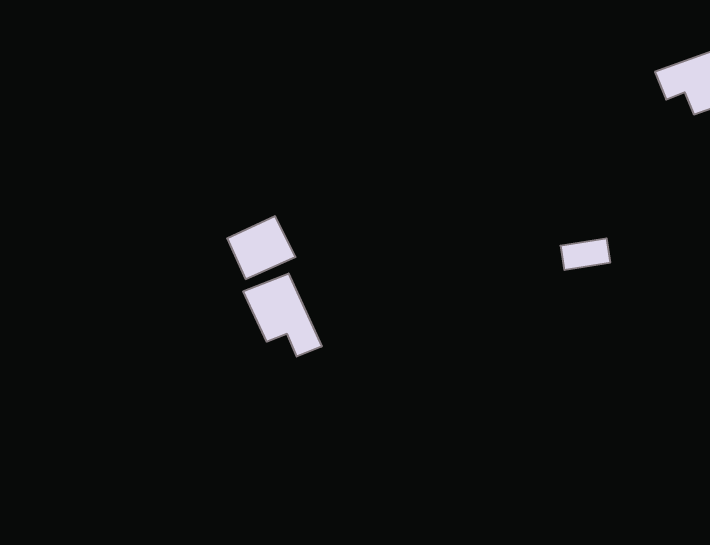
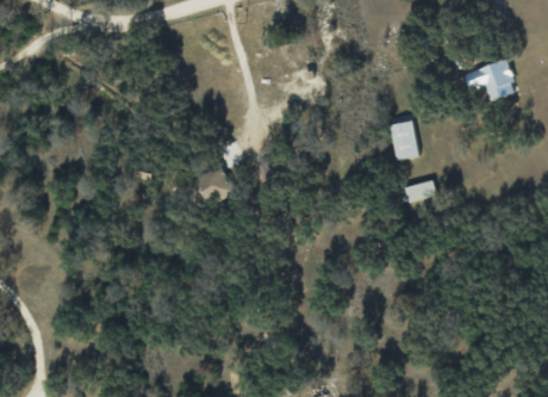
building: none -> [390,119,418,160]
building: [243,273,322,357] -> none

